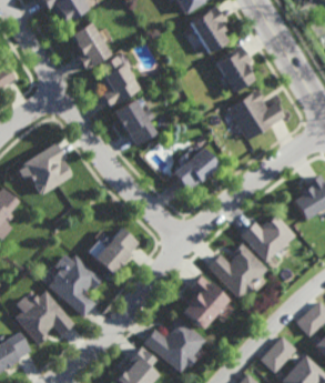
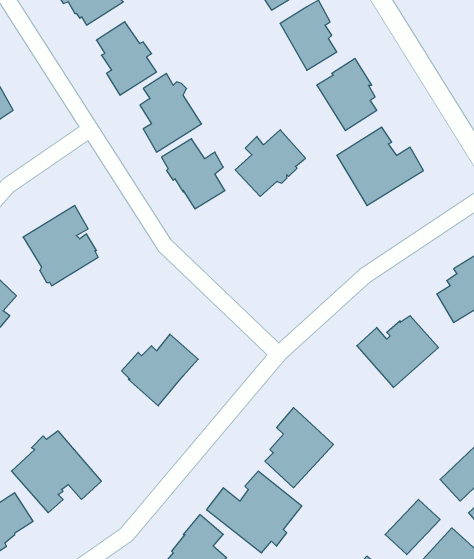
building: [172,145,219,190] -> [235,130,305,196]
building: [209,242,268,298] -> none
building: [45,254,101,316] -> none

